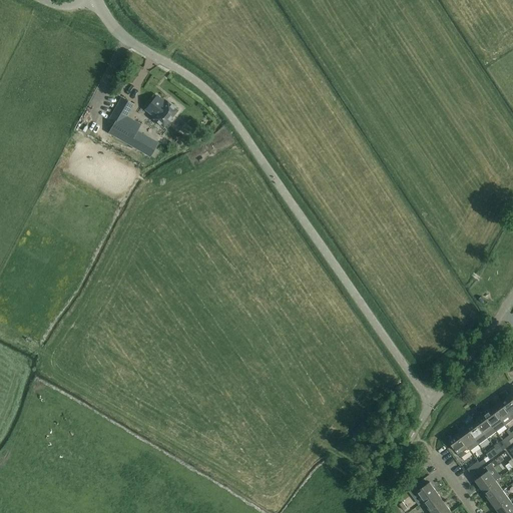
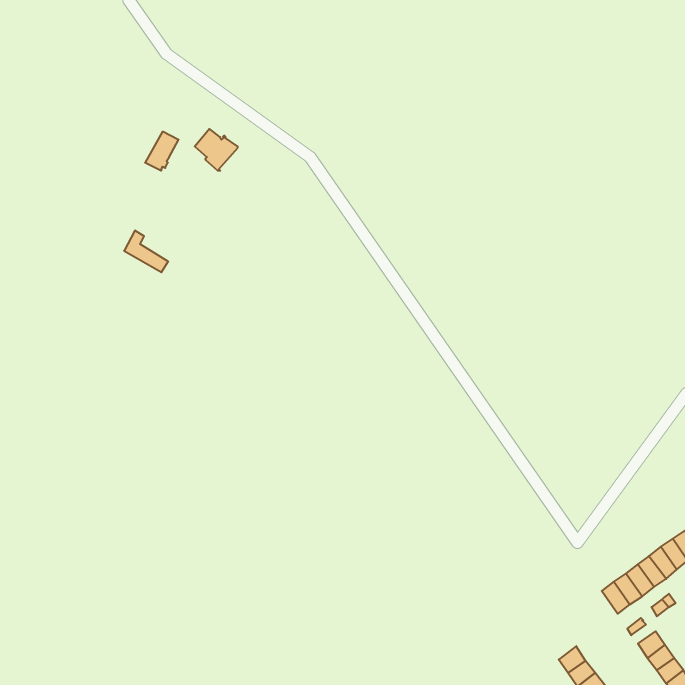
building: [123,126,156,157] -> [124,231,168,272]

